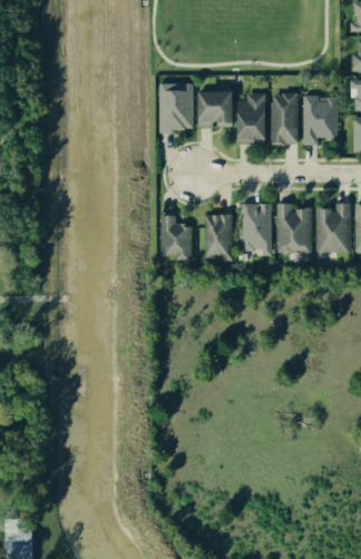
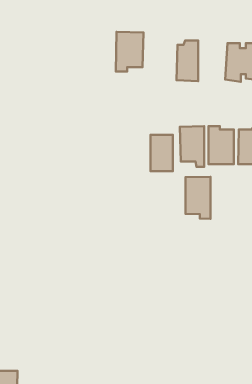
building: [270,91,299,145] -> none
building: [199,92,232,128] -> none
building: [159,215,191,261] -> none
building: none -> [185,177,210,219]

